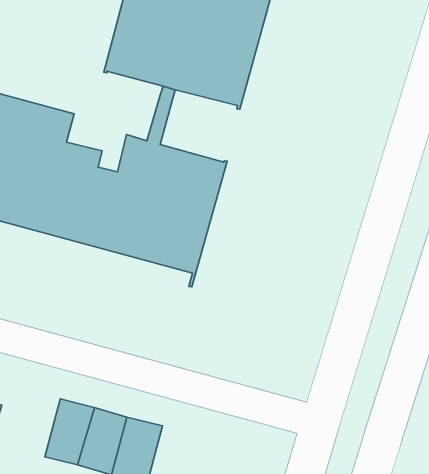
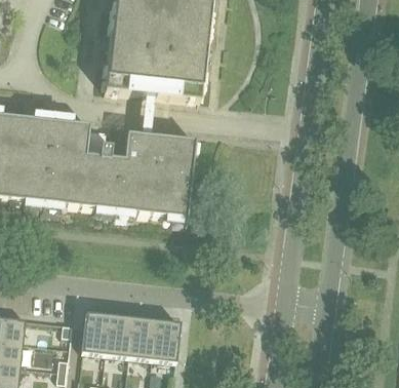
building: none -> [80,310,109,353]

